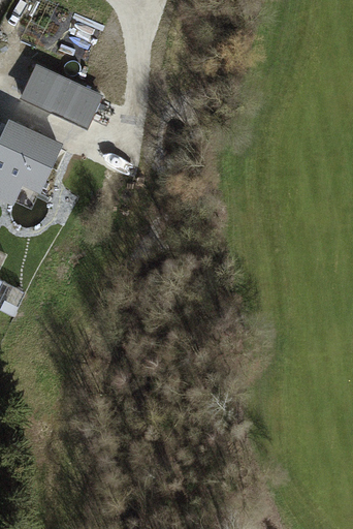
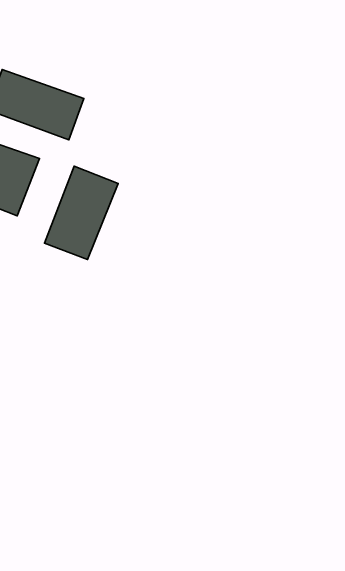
building: none -> [45,166,118,259]

